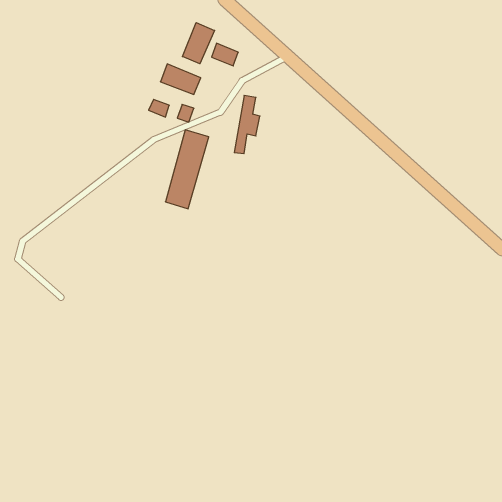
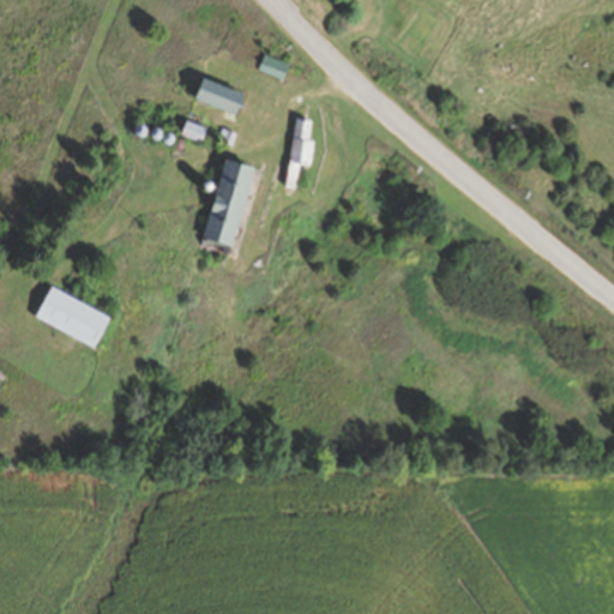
building: [182,23,215,64] -> none
building: none -> [36,285,110,347]

